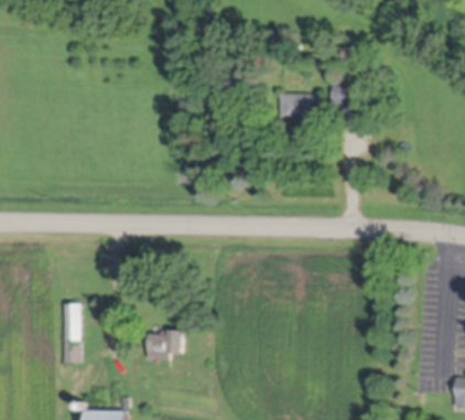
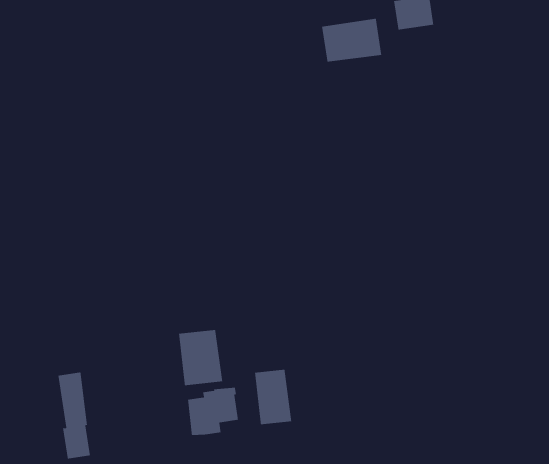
building: none -> [178,329,223,386]
building: none -> [254,369,292,425]

